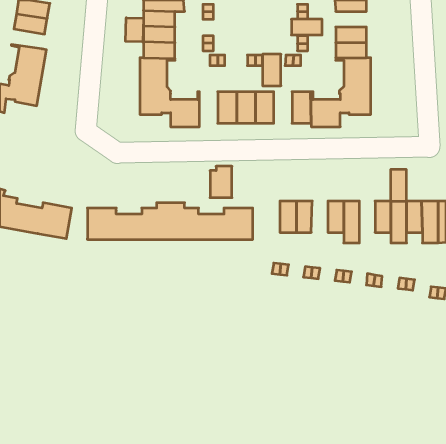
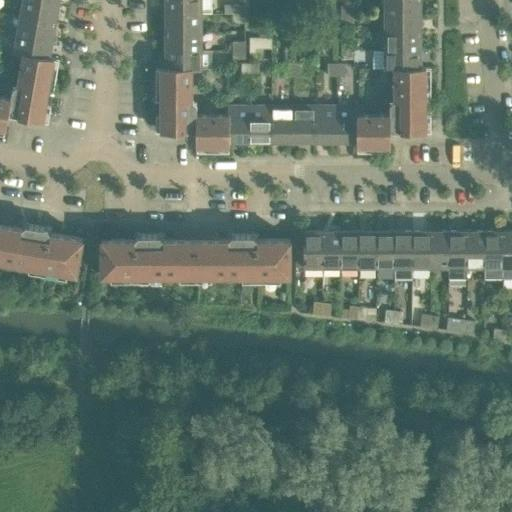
building: [126,18,143,42] -> none
building: [291,19,322,35] -> [384,16,419,34]
building: none -> [13,36,51,59]
building: [263,54,281,86] -> [313,108,334,144]
building: none -> [228,108,249,144]
building: [210,166,232,198] -> [295,233,320,269]
building: [391,170,406,201] -> [411,233,429,269]
building: none -> [356,233,375,269]

